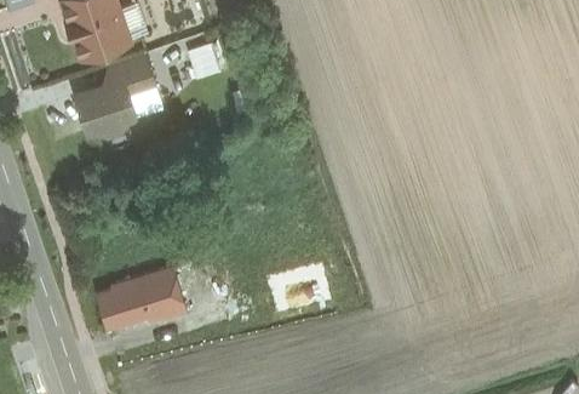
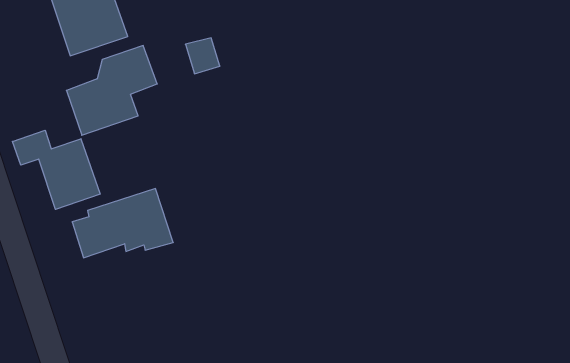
building: none -> [12,130,100,209]
building: [96,264,191,330] -> [72,189,173,258]

